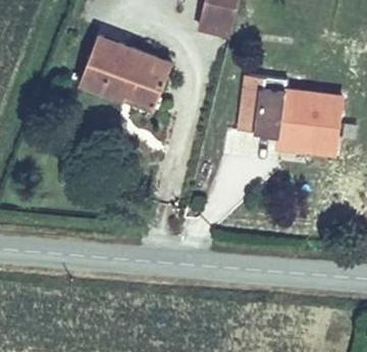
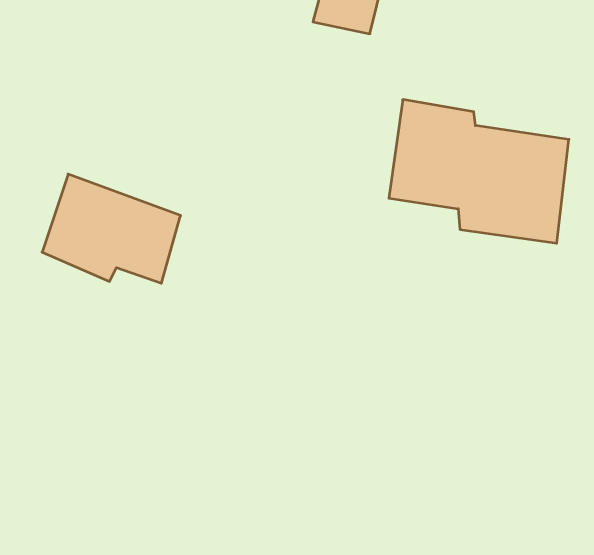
building: [81,39,162,103] -> [42,174,181,283]

